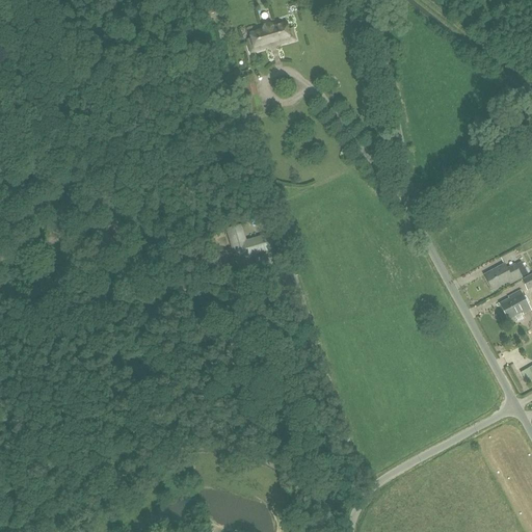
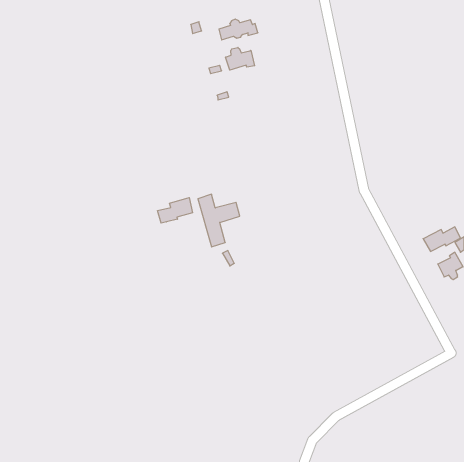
building: none -> [226,47,255,70]
building: none -> [158,198,193,223]

